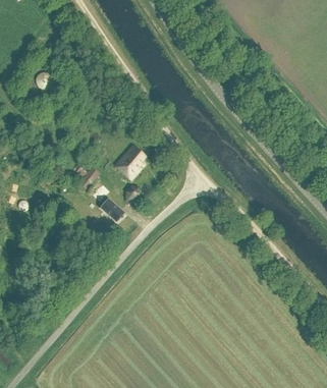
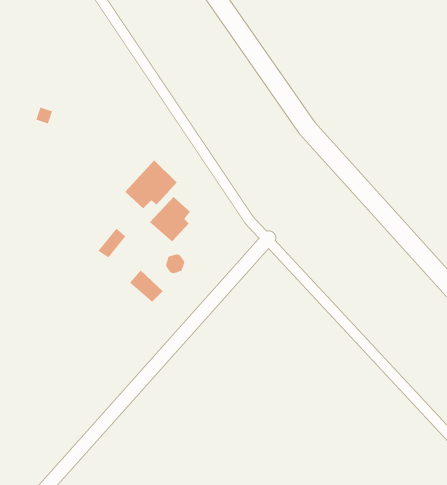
building: none -> [125,159,178,209]

